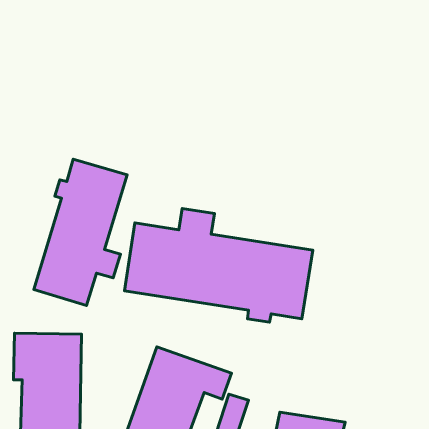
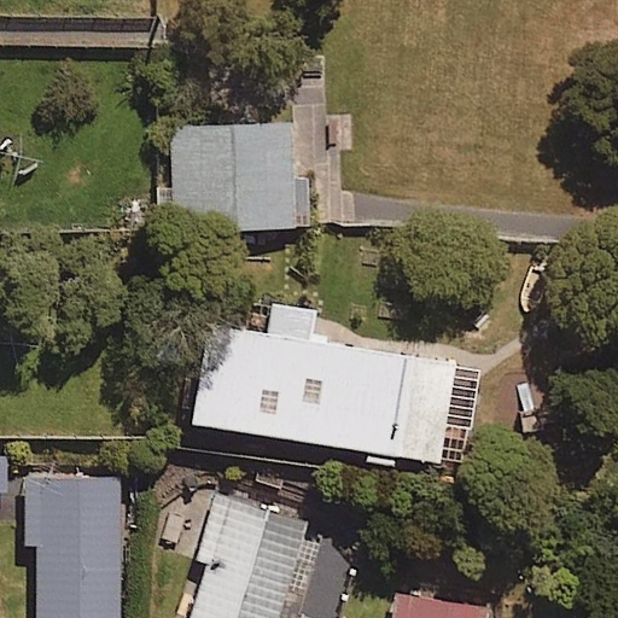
building: none -> [162,127,314,235]
building: [34,159,127,305] -> none

